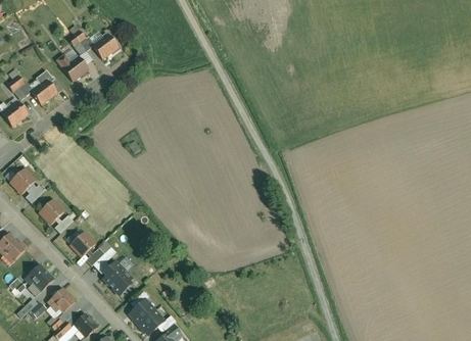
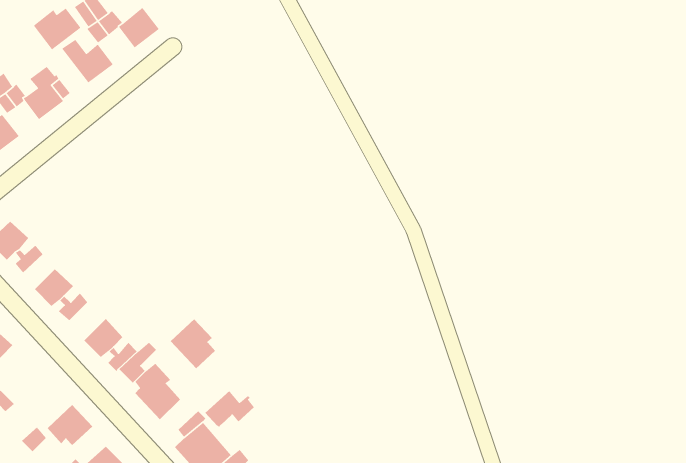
building: none -> [33,8,82,51]
building: none -> [170,318,216,369]
building: [25,265,53,293] -> none
building: none -> [205,390,255,428]

